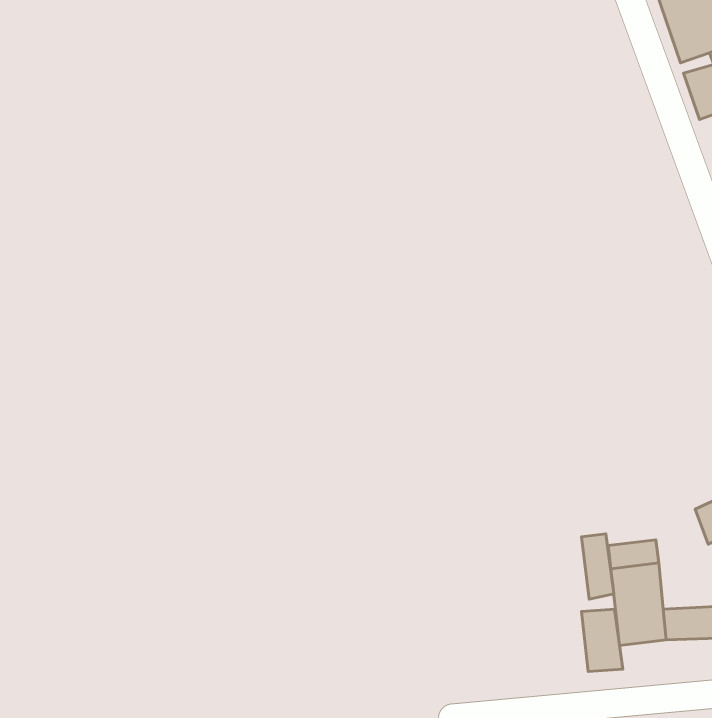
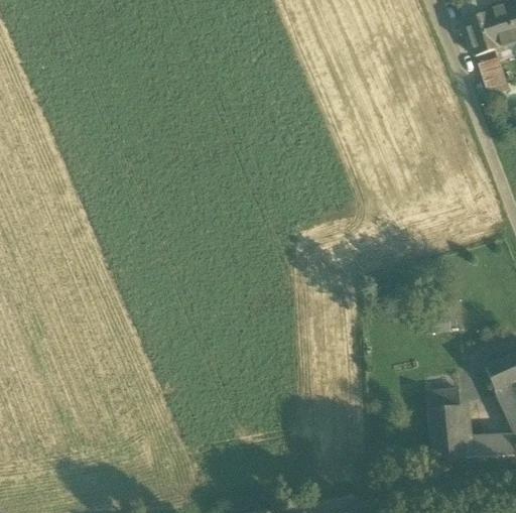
building: [581,534,614,599] -> none
building: [581,609,623,672] -> none

